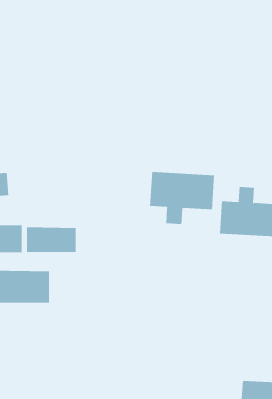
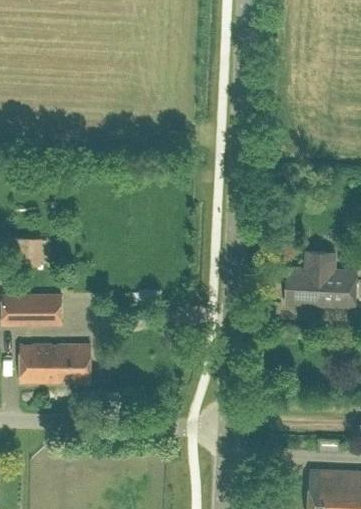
building: [150,171,215,225] -> none
building: [27,227,76,253] -> none

